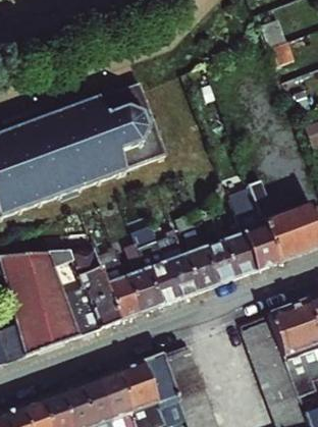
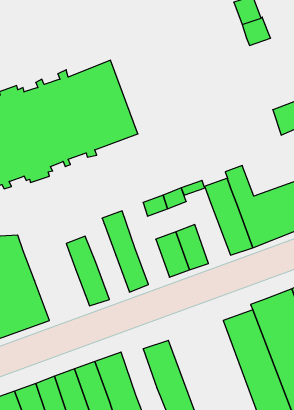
building: [213,220,253,279] -> none
building: [47,249,116,334] -> none
building: [160,256,194,300] -> none
building: [122,271,155,314] -> none
building: [147,358,181,407] -> none

